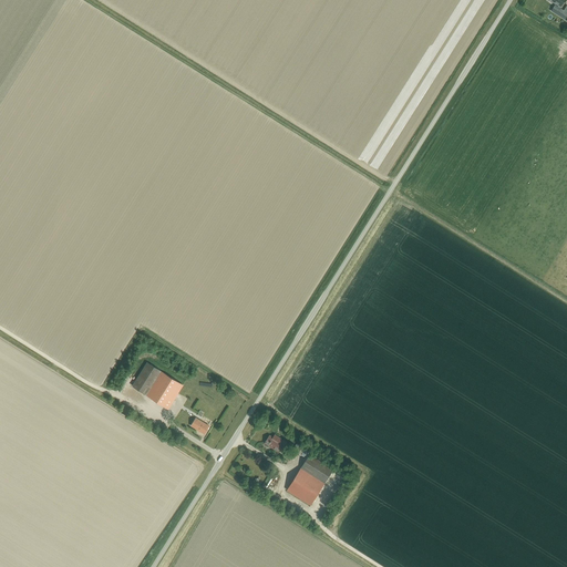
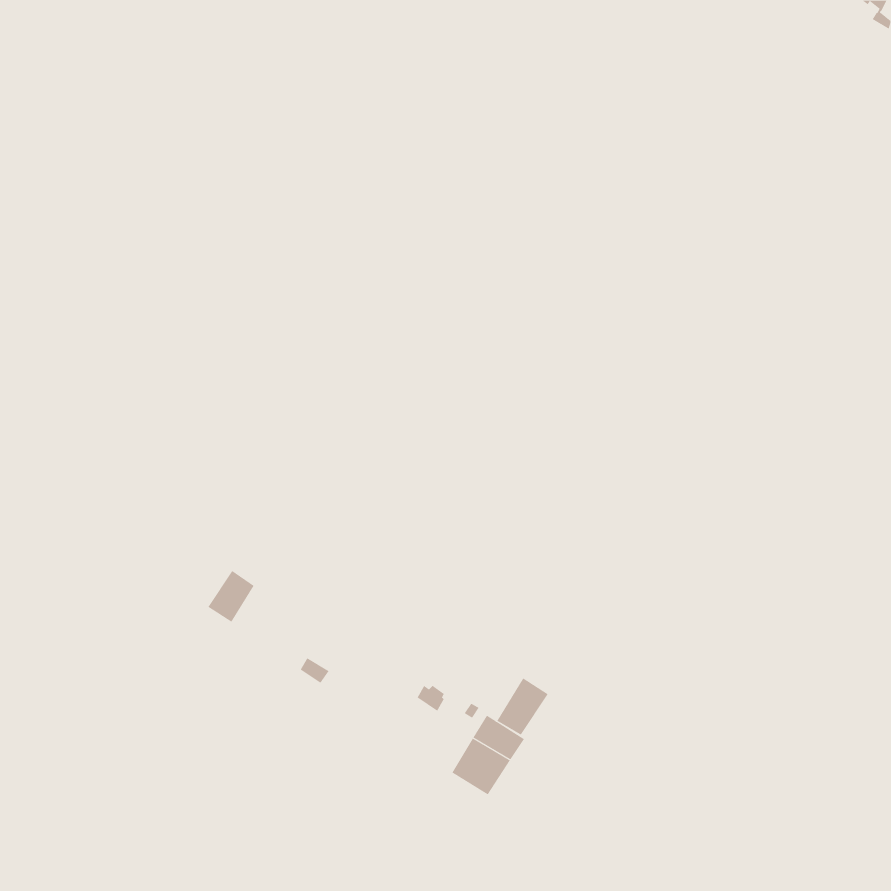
building: [147,372,183,409] -> none
building: none -> [496,678,549,736]

